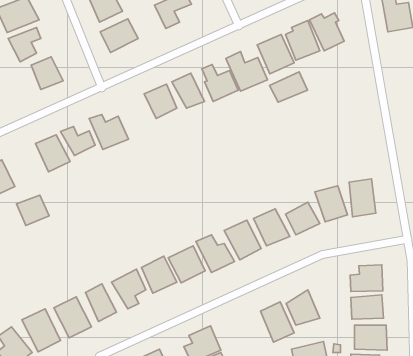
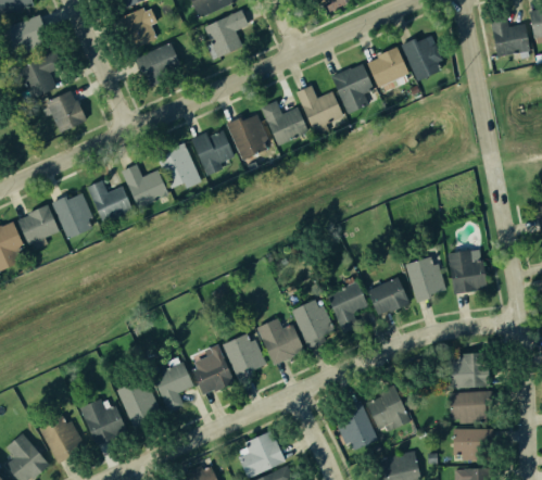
building: [269,72,307,102] -> none
building: none -> [155,143,201,191]
building: [16,195,49,225] -> [17,205,59,243]

